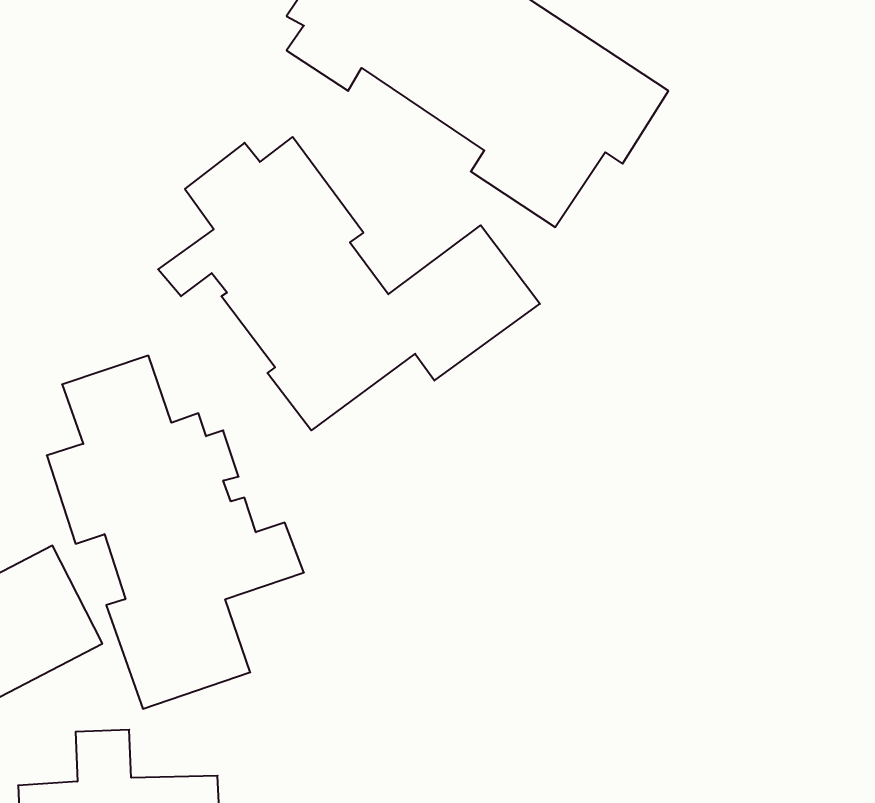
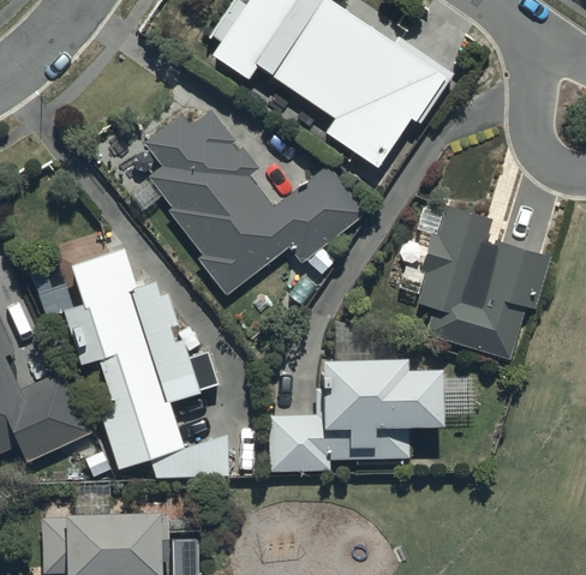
building: none -> [401,205,552,357]
building: none -> [269,359,438,471]

